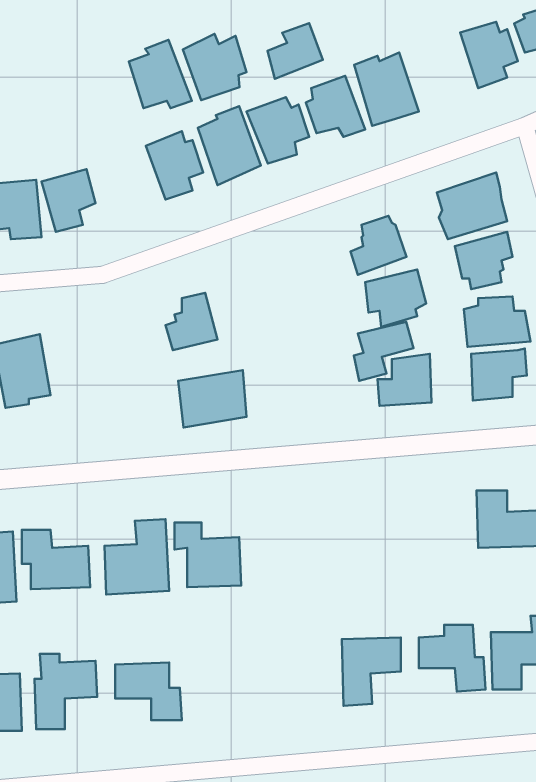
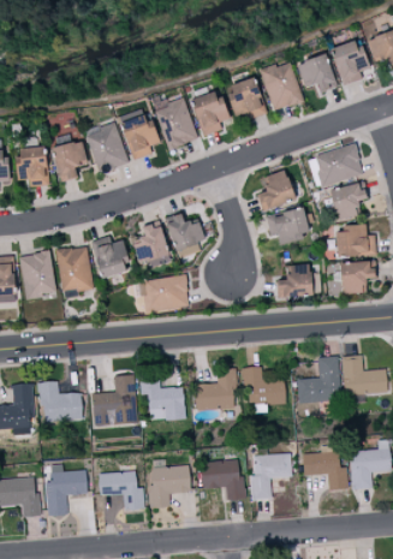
building: [268,23,323,79] -> none
building: [183,34,246,100] -> none
building: none -> [297,54,337,94]
building: [129,40,192,108] -> [87,123,129,168]
building: none -> [166,215,203,252]
building: none -> [90,238,130,280]
building: [354,322,414,381] -> none
building: none -> [55,248,93,291]
building: none -> [297,357,339,403]
building: none -> [242,368,286,405]
building: none -> [195,369,237,410]
building: none -> [202,460,243,500]
building: none -> [148,466,191,507]

